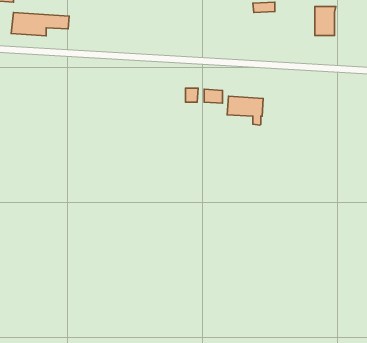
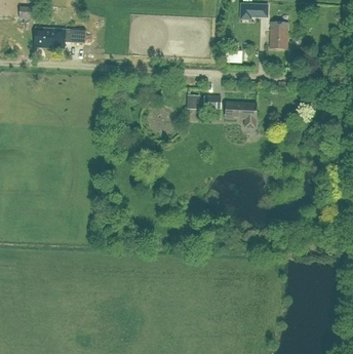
building: [315,6,336,35] -> [269,23,287,48]

